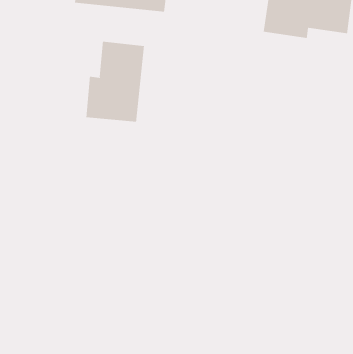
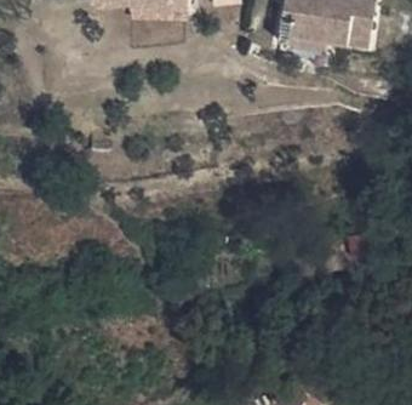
building: [86,41,144,123] -> none

